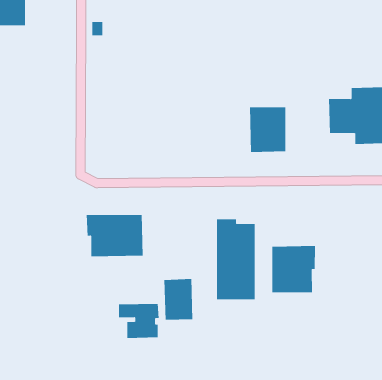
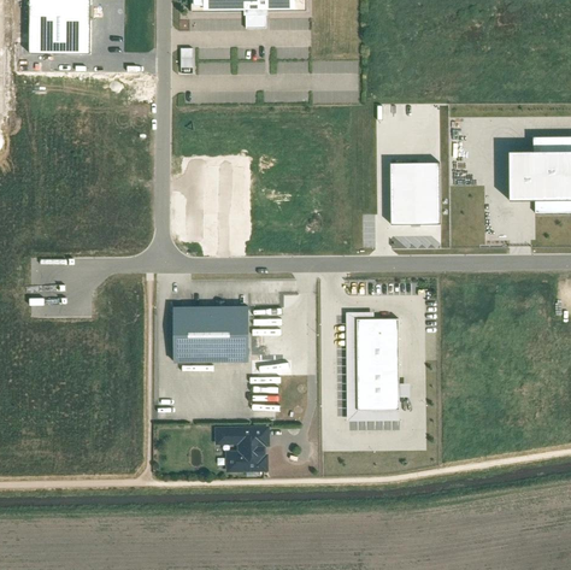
building: [272,245,315,293] -> none
building: [164,278,193,320] -> none

